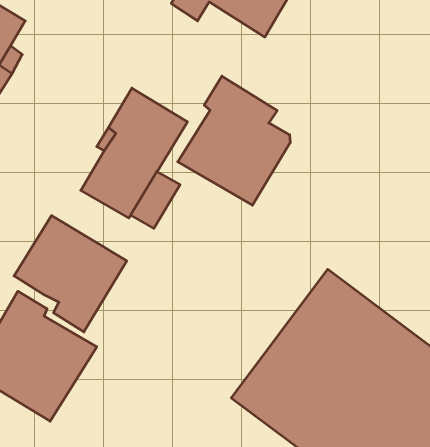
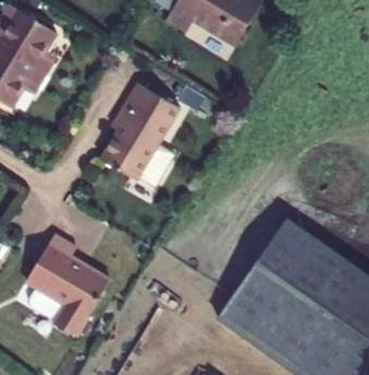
building: [178,76,290,205] -> none
building: [14,216,127,332] -> none

